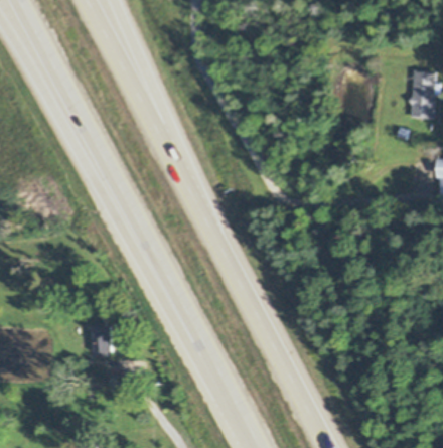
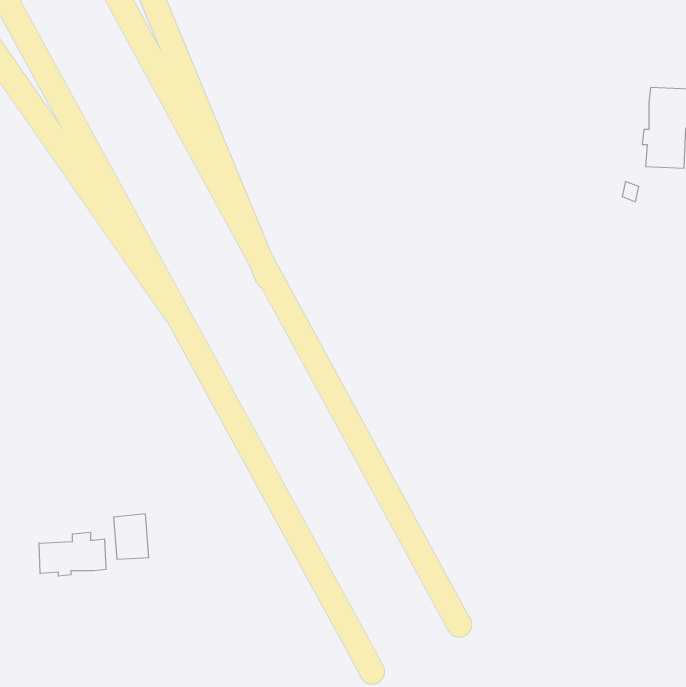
building: none -> [39,532,106,576]

